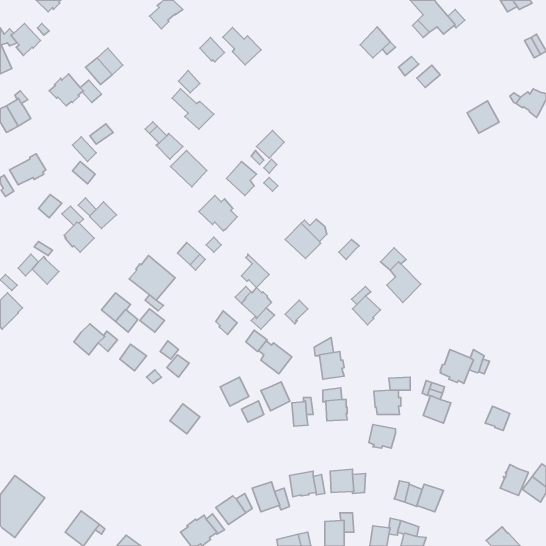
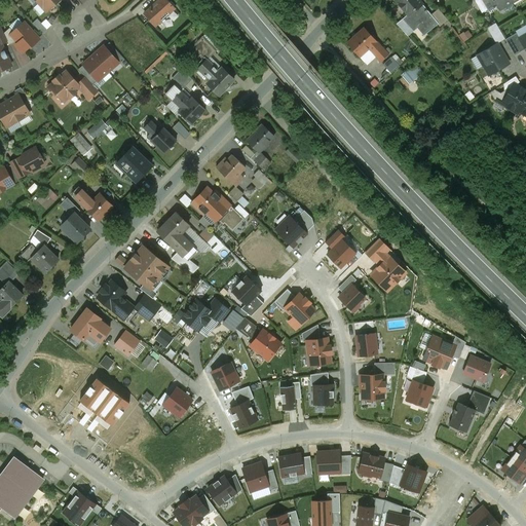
building: [223,27,261,65] -> [197,60,234,96]
building: [467,101,499,133] -> [478,44,509,75]
building: [170,150,207,187] -> [116,147,151,182]
building: none -> [158,213,188,243]
building: none -> [328,239,355,268]
building: [241,254,269,287] -> [218,199,245,231]
building: none -> [285,294,315,324]
building: none -> [182,300,212,331]
building: none -> [356,334,377,356]
building: none -> [463,356,490,381]
building: [261,382,290,411] -> [230,401,258,428]
building: none -> [80,378,129,425]
building: [369,424,395,448] -> [359,454,384,477]
building: [500,465,528,496] -> [449,403,476,433]

